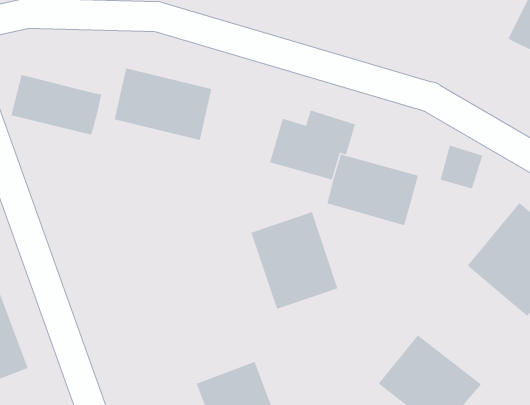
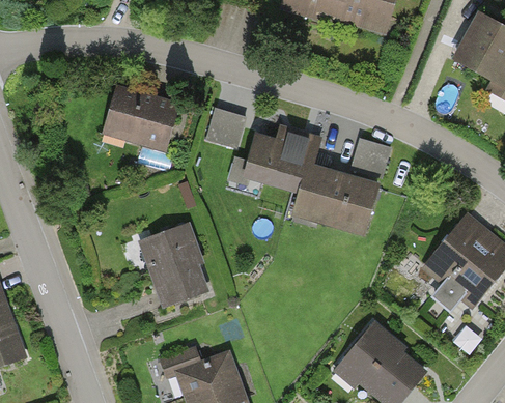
building: [11,74,102,135] -> none
building: none -> [205,108,244,146]
building: [440,145,483,189] -> [350,136,389,175]
building: [251,211,338,310] -> [138,223,216,310]

